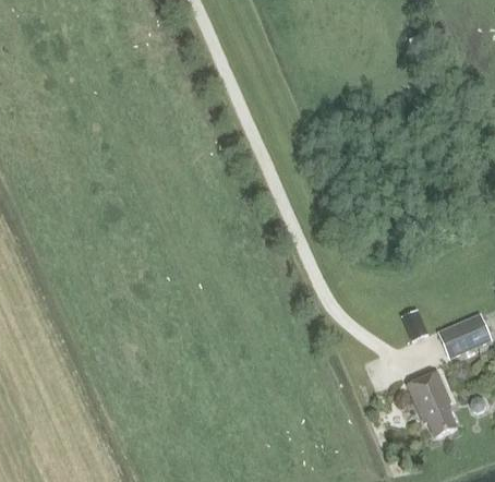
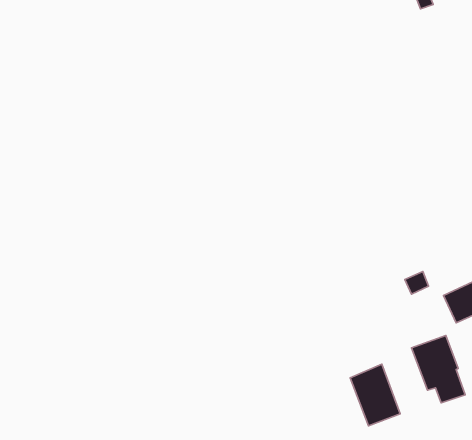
building: none -> [350,364,400,426]

